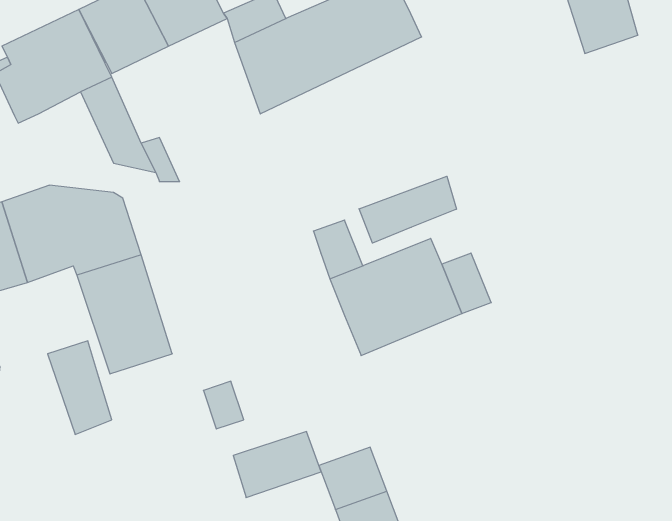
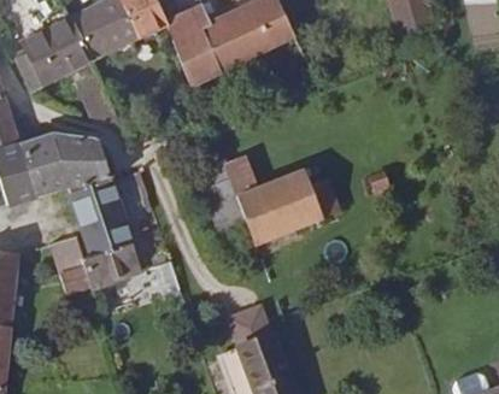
building: [359,176,456,243] -> none
building: [233,432,321,498] -> [83,243,141,287]

